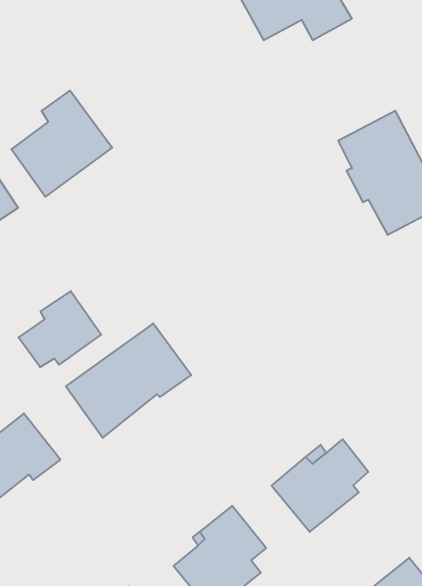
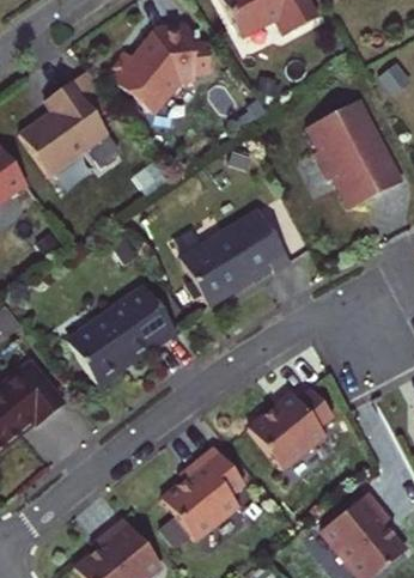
building: none -> [105,24,206,110]
building: none -> [183,209,294,308]
building: [19,291,101,367] -> none

